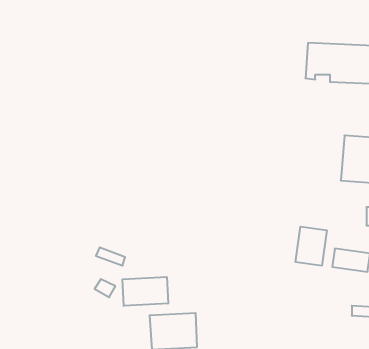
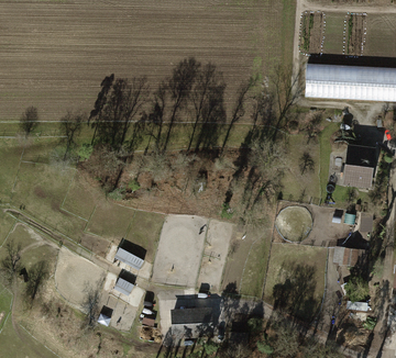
building: [296,227,327,266] -> none
building: [123,277,168,306] -> none

